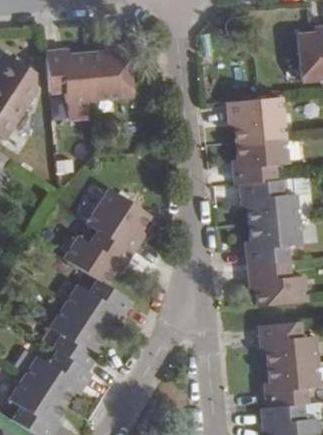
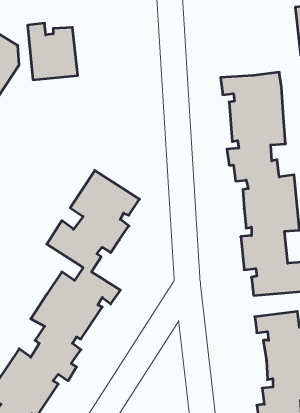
building: [87,44,133,100] -> none

